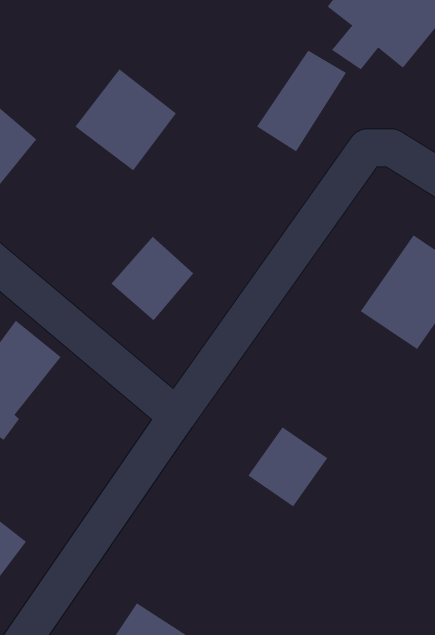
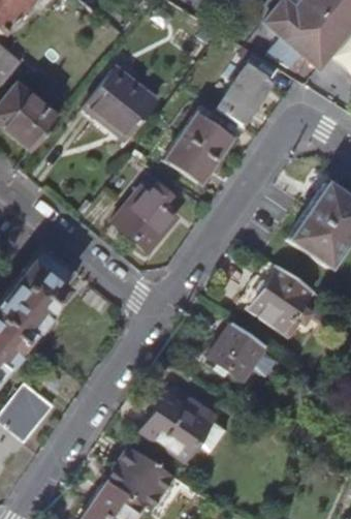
building: none -> [164,113,236,185]
building: none -> [242,261,316,334]
building: none -> [143,395,216,461]

